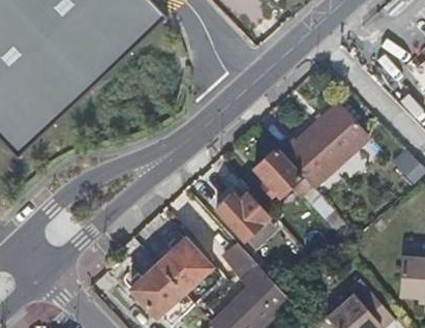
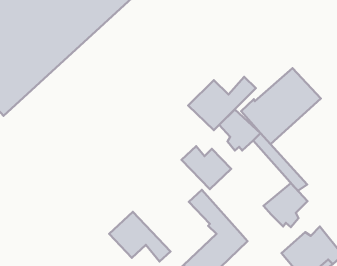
building: none -> [188,77,256,130]
building: none -> [264,183,307,227]
building: [158,239,212,309] -> none

